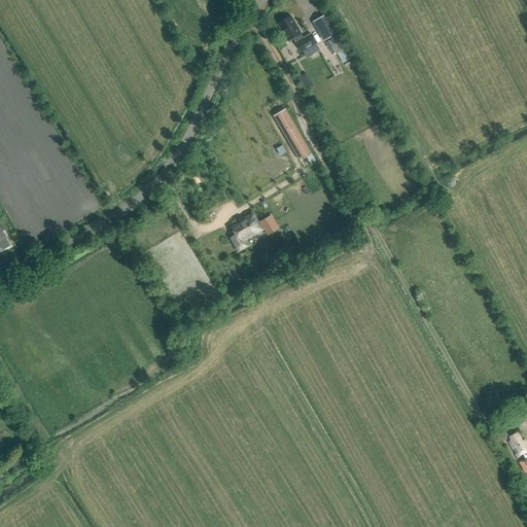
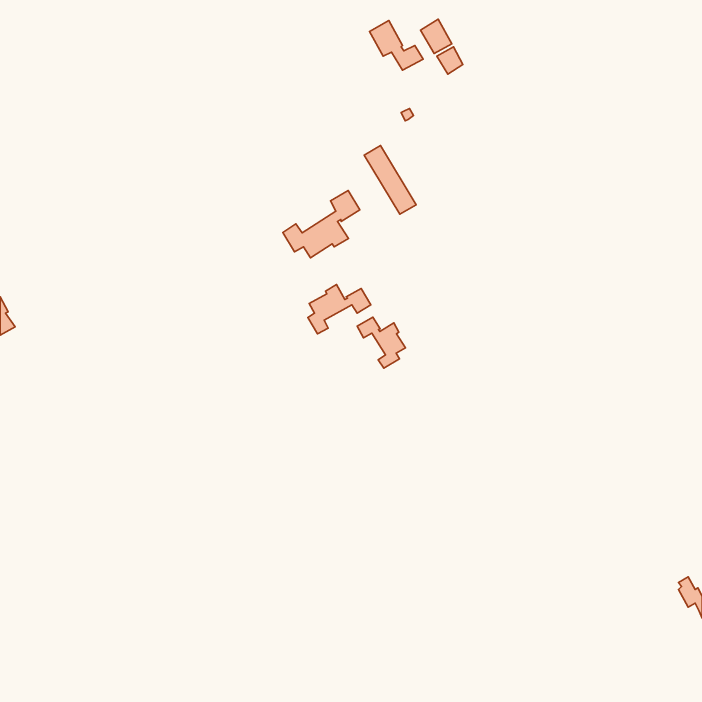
building: none -> [283,190,360,258]
building: none -> [357,317,405,368]

